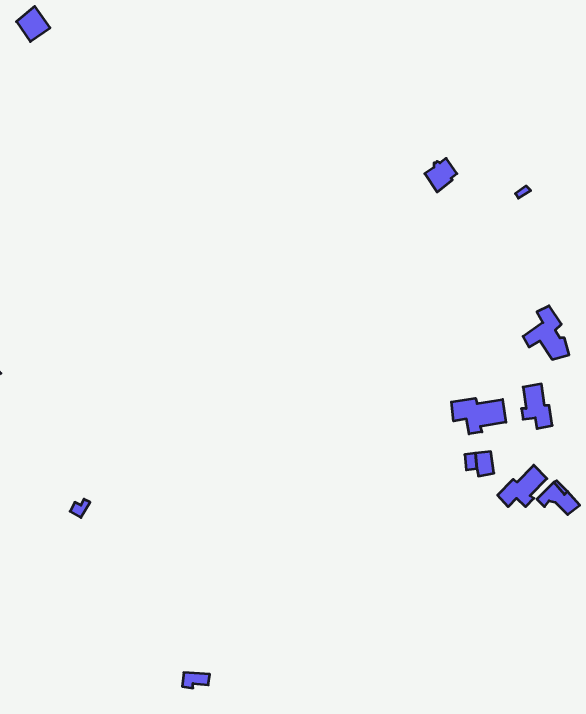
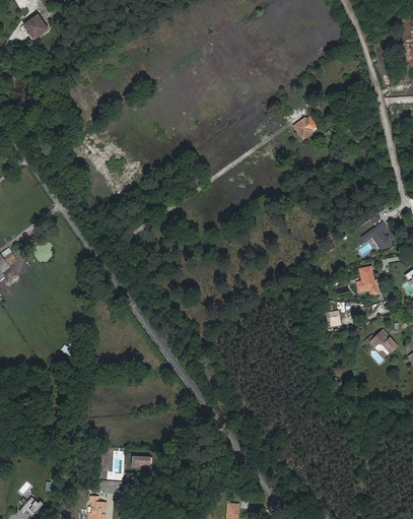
building: [451,398,506,434] -> none
building: [498,465,547,507] -> none

